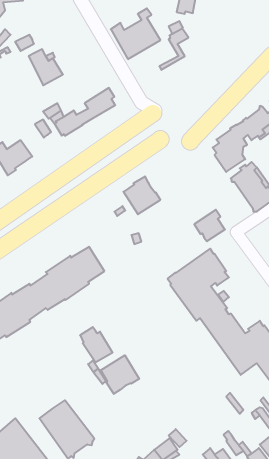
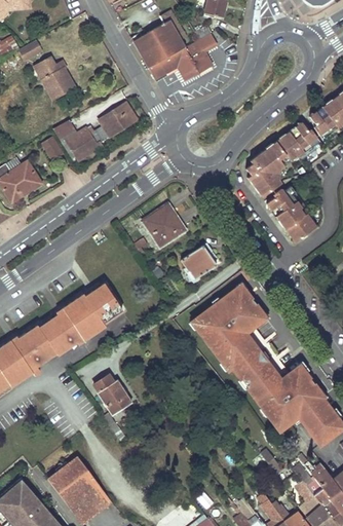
building: none -> [149,42,206,80]
building: [194,210,225,241] -> [182,242,217,278]
building: [101,355,139,394] -> none

